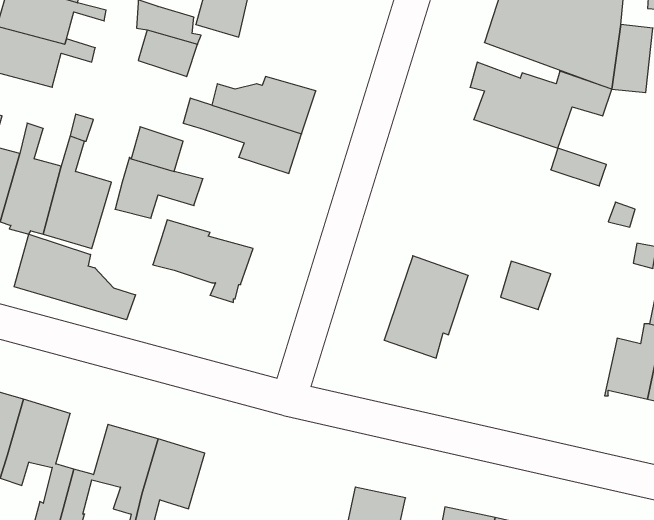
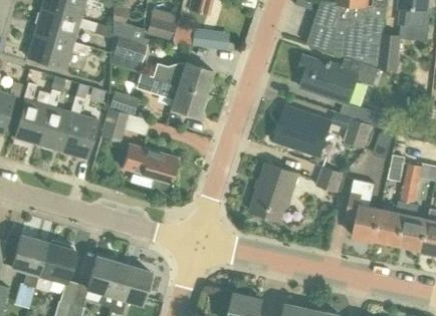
building: none -> [172,26,214,48]
building: none -> [274,105,331,155]
building: none -> [343,117,372,147]
building: [14,234,136,320] -> none
building: none -> [345,179,381,241]

